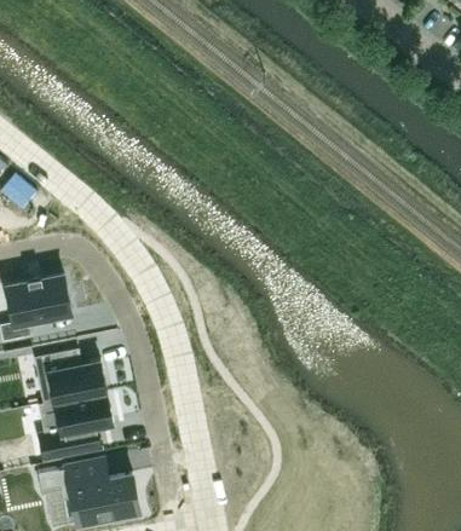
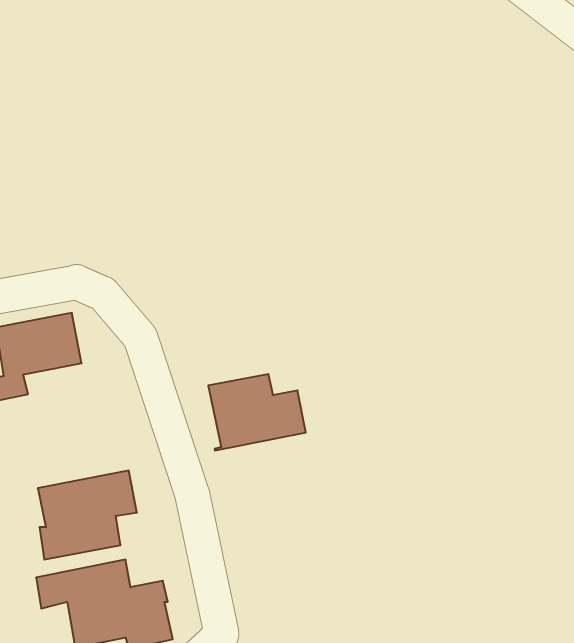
building: [33,348,105,405] -> [208,374,306,450]

